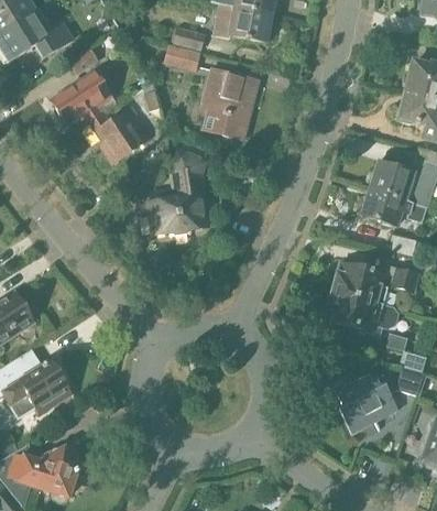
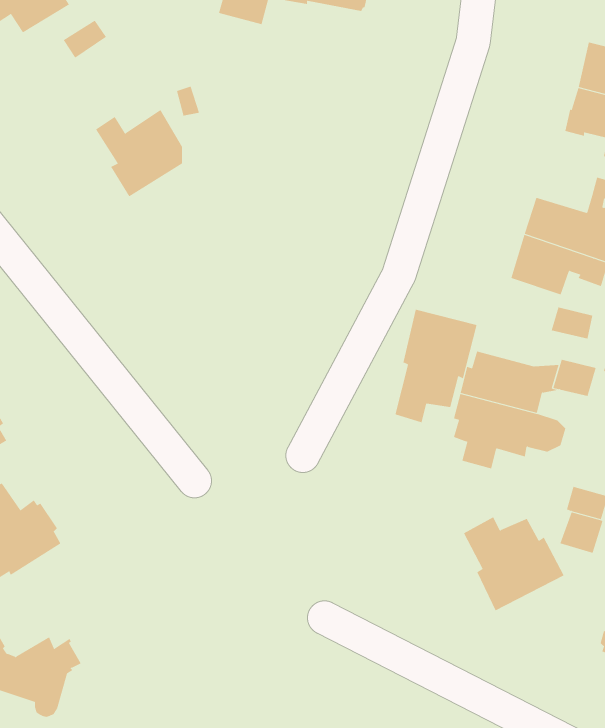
building: [163,45,199,73] -> none
building: [203,69,258,138] -> none
building: [53,75,114,122] -> none
building: [143,152,208,232] -> none
building: none -> [395,309,477,423]

